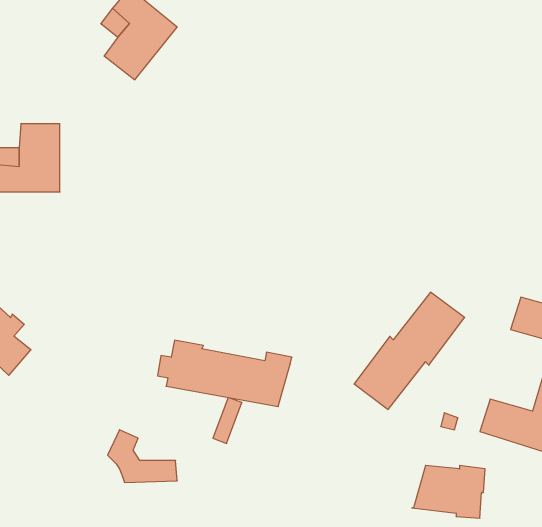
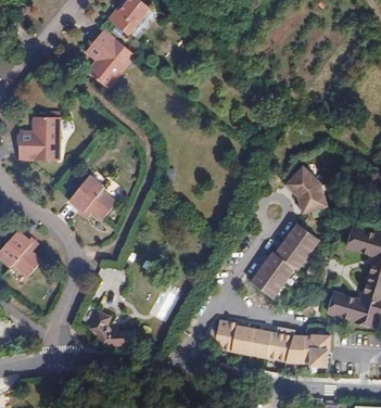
building: none -> [284,167,327,214]
building: none -> [67,175,115,218]
building: [158,340,292,407] -> [207,319,293,361]

